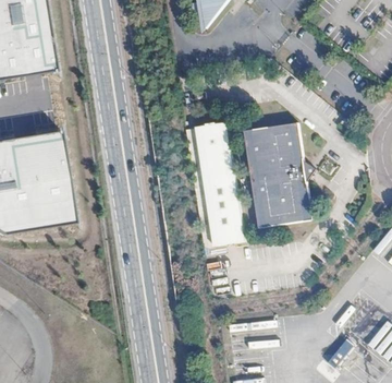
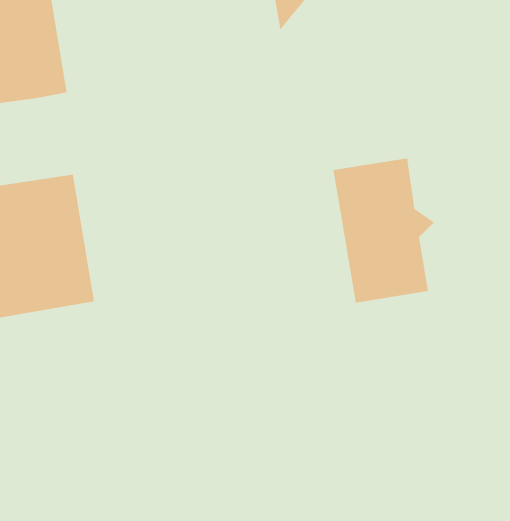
building: [185,124,241,251] -> none

